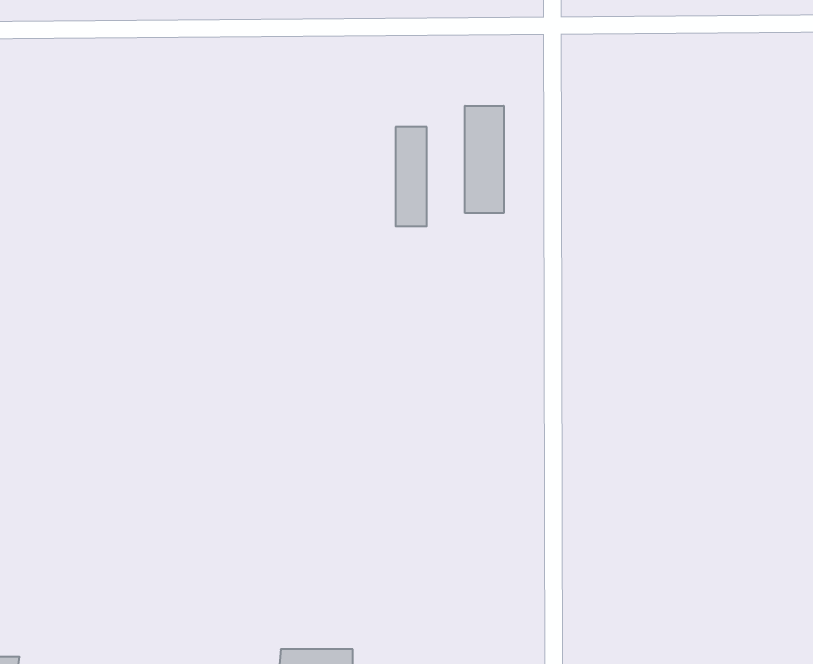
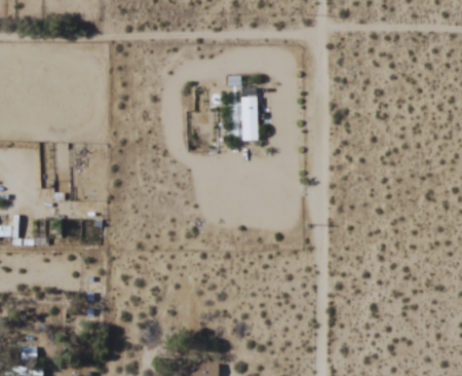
building: [465,106,504,213] -> none

